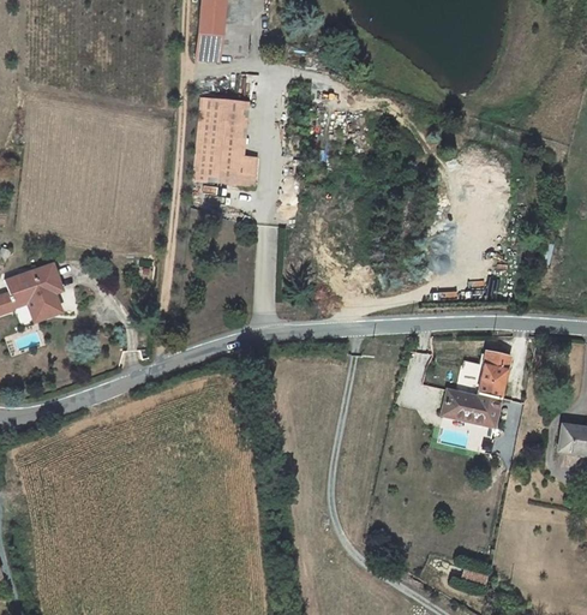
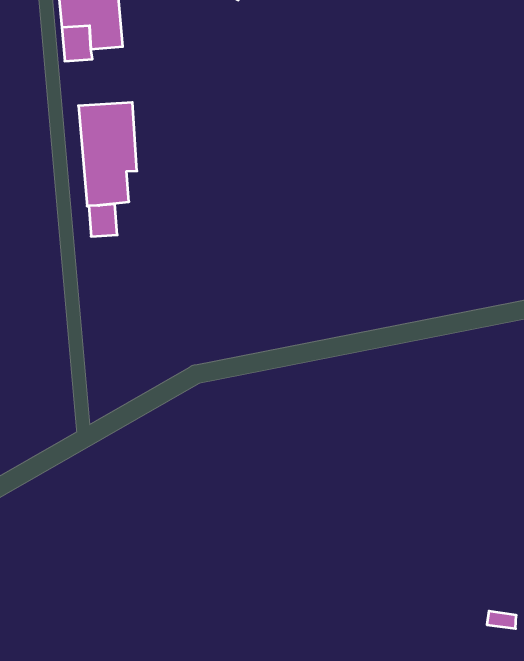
building: [229,157,253,185] -> [89,204,117,236]
building: [442,350,511,426] -> none

